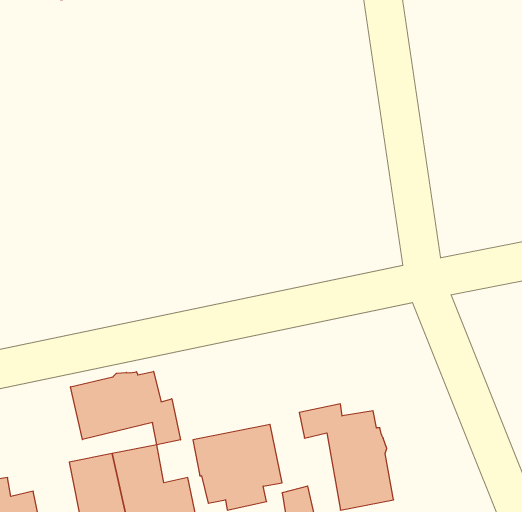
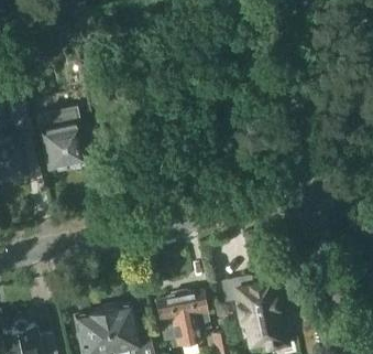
building: none -> [37,106,87,169]
building: [71,371,180,445] -> none

